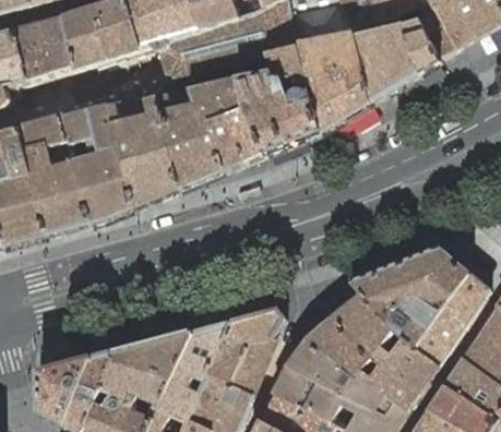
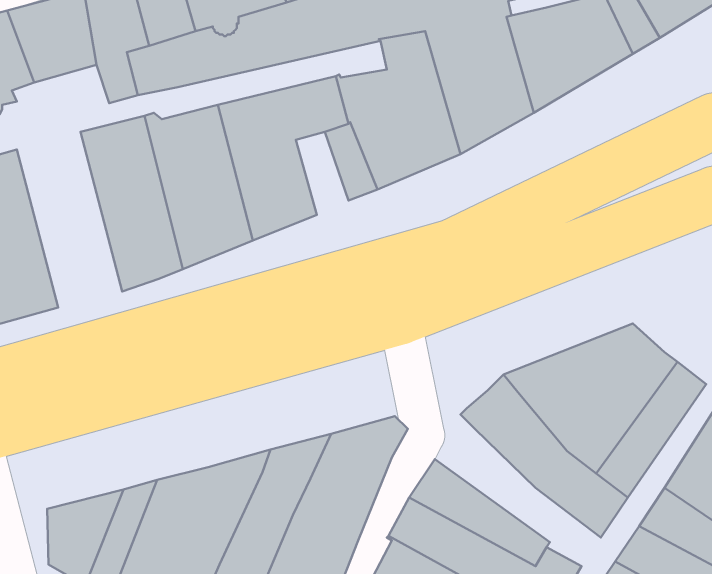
building: [21,112,93,232] -> none
building: [212,112,248,169] -> none
building: [307,315,420,409] -> none

